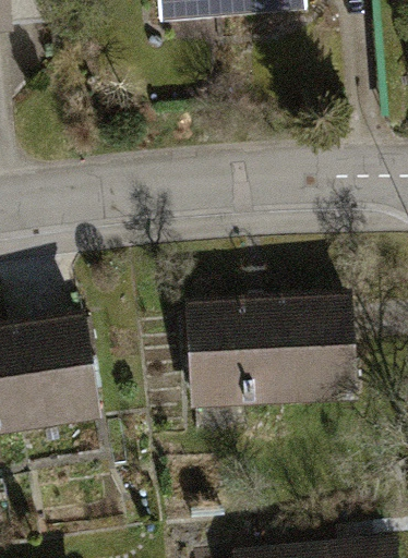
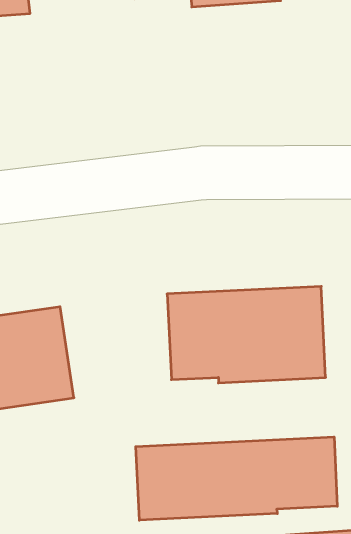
building: none -> [136,437,337,520]

